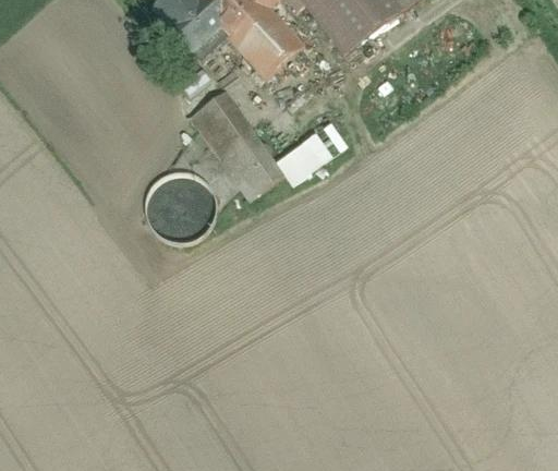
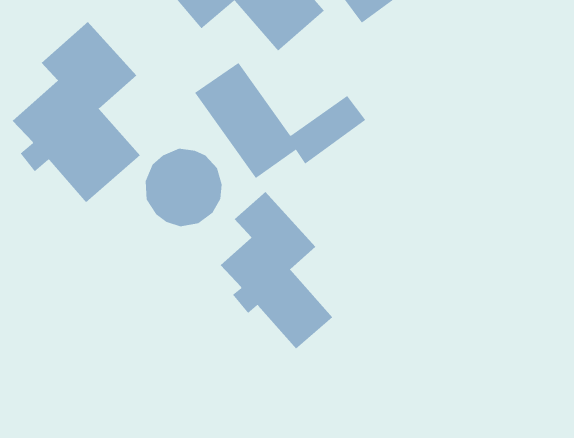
building: none -> [12,21,141,203]
building: none -> [220,191,333,350]

